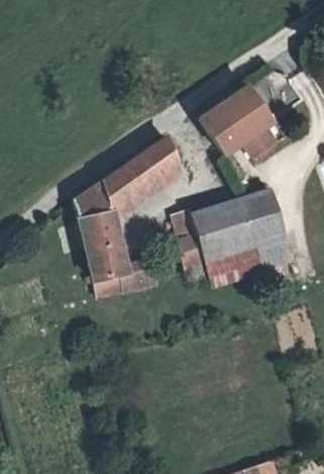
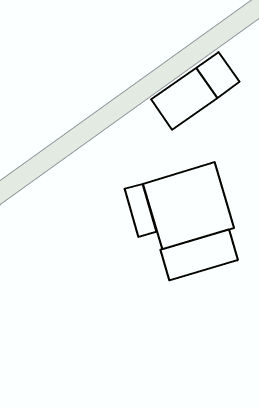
building: [74,140,175,290] -> none
building: none -> [160,229,238,280]

